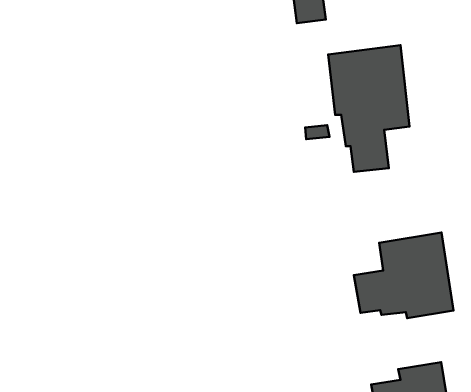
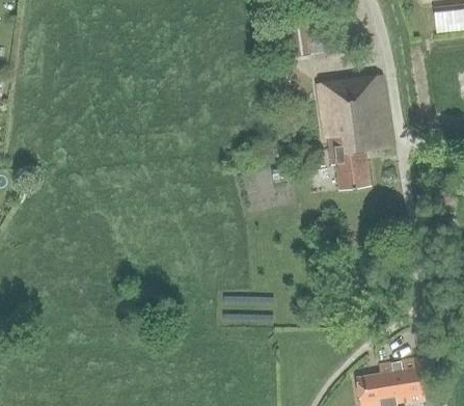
building: [354,232,454,318] -> none

